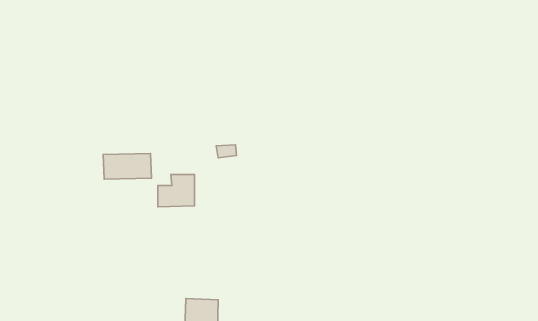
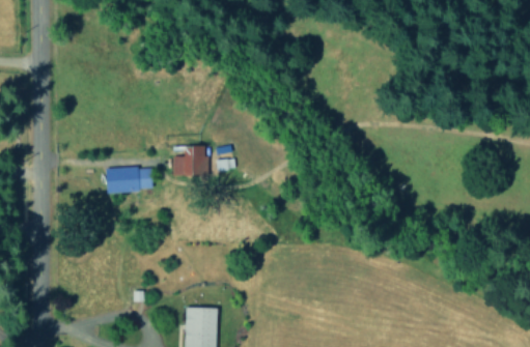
building: [158,175,195,207] -> [172,145,207,176]

